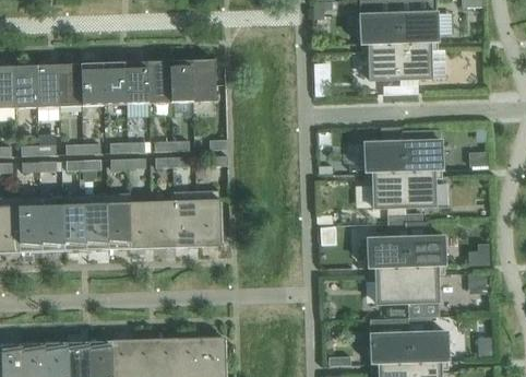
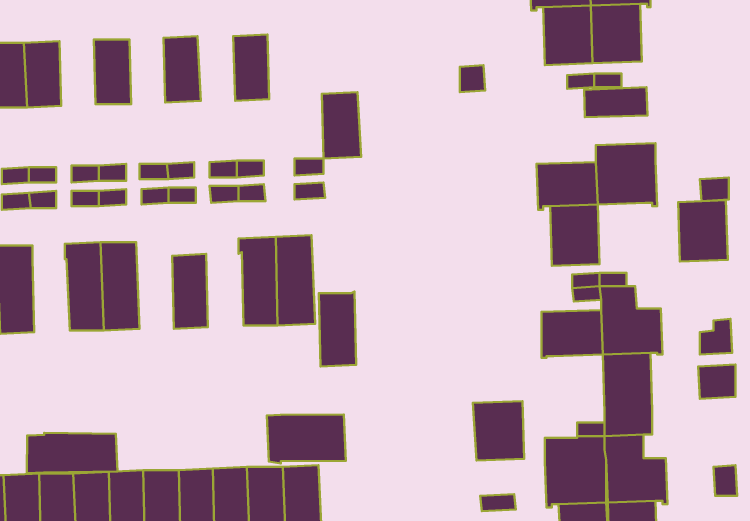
building: [191,59,216,102] -> [322,92,361,159]
building: [146,61,170,103] -> none
building: [103,62,125,105] -> none
building: [58,63,81,106] -> none
building: none -> [584,87,647,117]
building: [403,168,434,208] -> [678,200,728,262]
building: [107,192,131,249] -> none
building: [152,200,176,248] -> [319,291,356,366]
building: [40,204,64,251] -> none
building: [374,266,407,304] -> [473,401,524,461]
building: none -> [267,414,346,463]
building: none -> [27,433,117,473]

